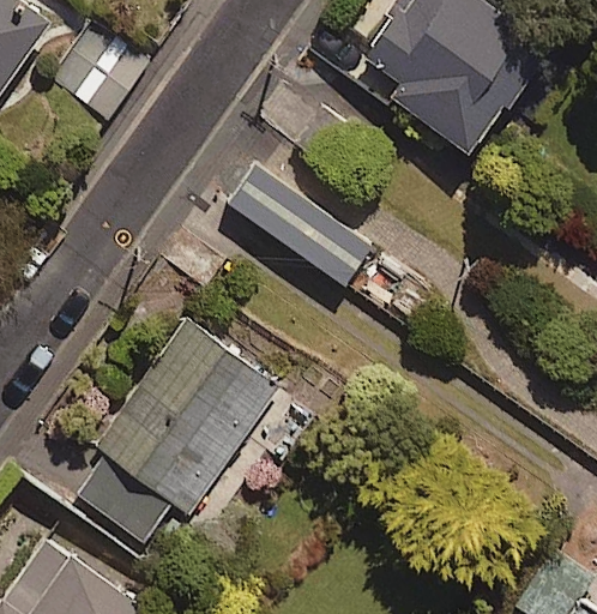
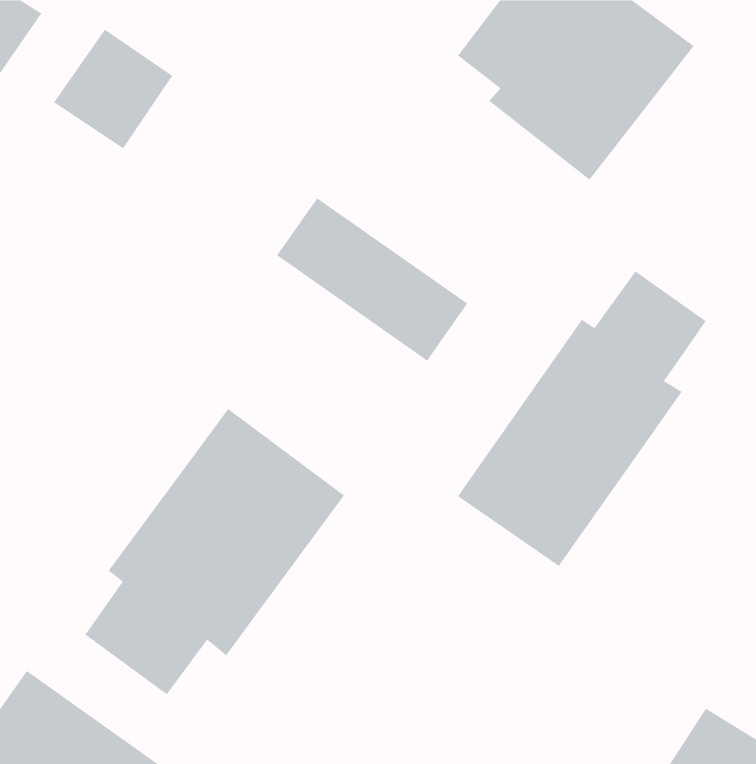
building: none -> [457,271,707,567]

